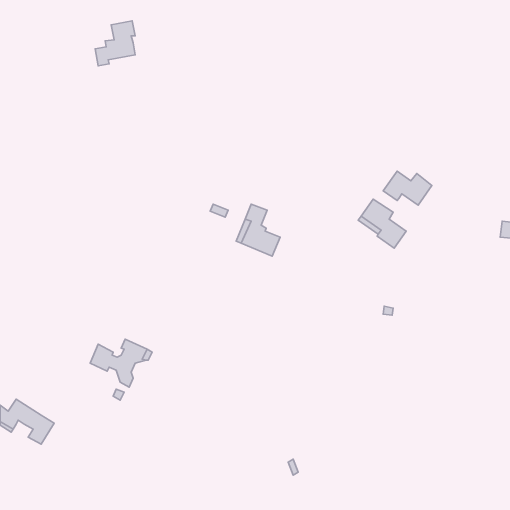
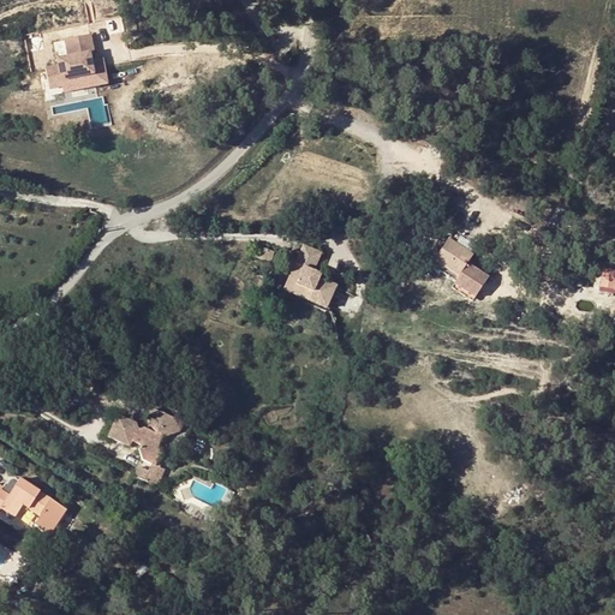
building: [95,21,135,66] -> [47,34,95,88]
building: [383,171,432,205] -> none

